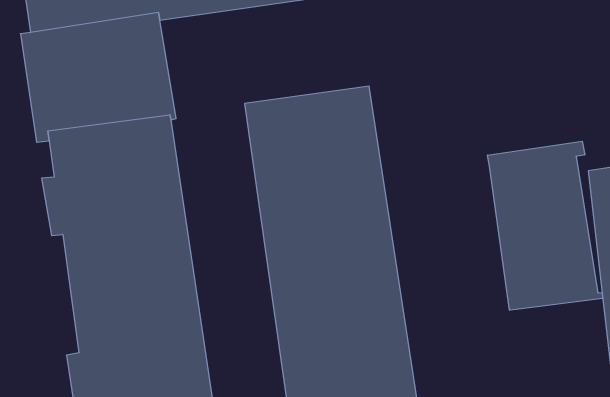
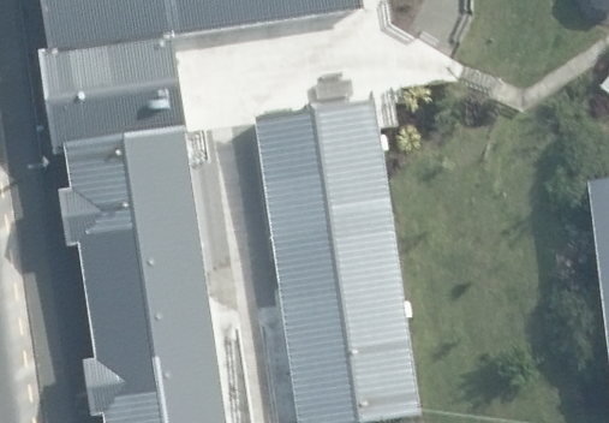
building: [488,141,603,310] -> none

